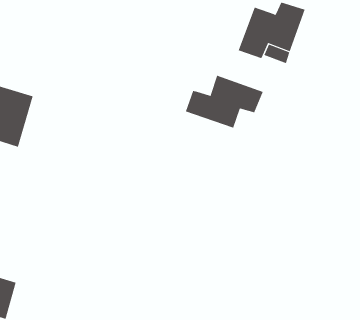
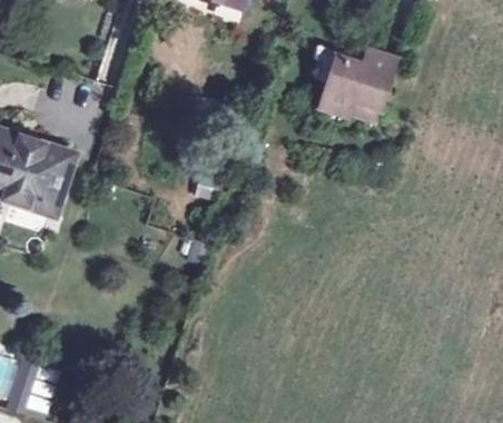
building: [185,75,264,128] -> none

